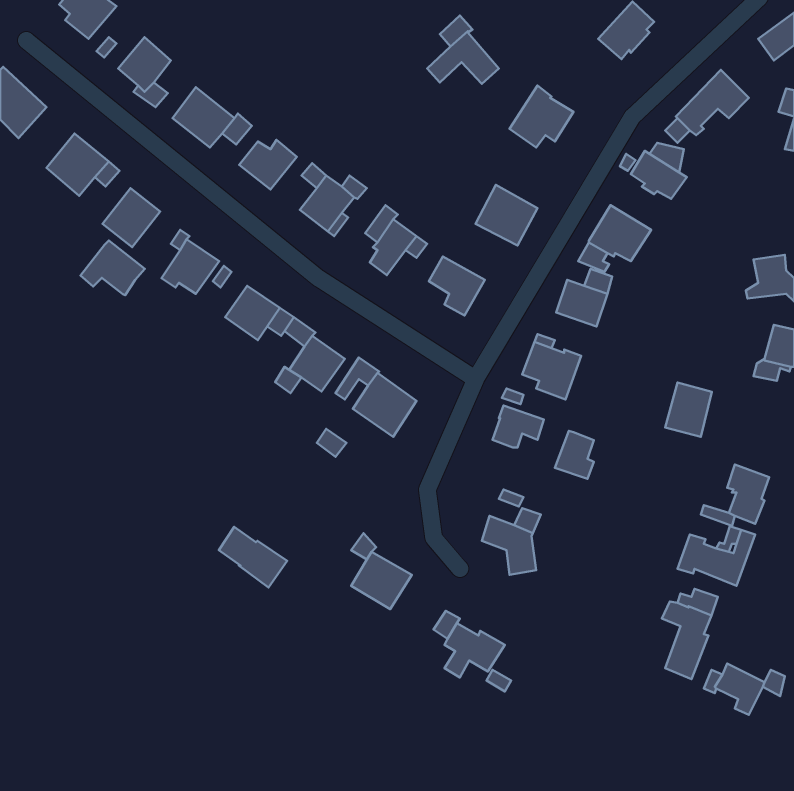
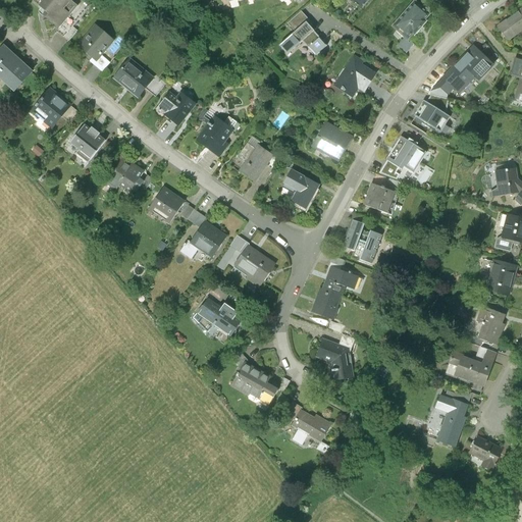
building: [80,240,145,295] -> none
building: [665,383,712,437] -> [485,259,516,295]
building: [555,431,594,479] -> [311,288,336,319]
building: [219,527,287,587] -> [197,297,242,336]

